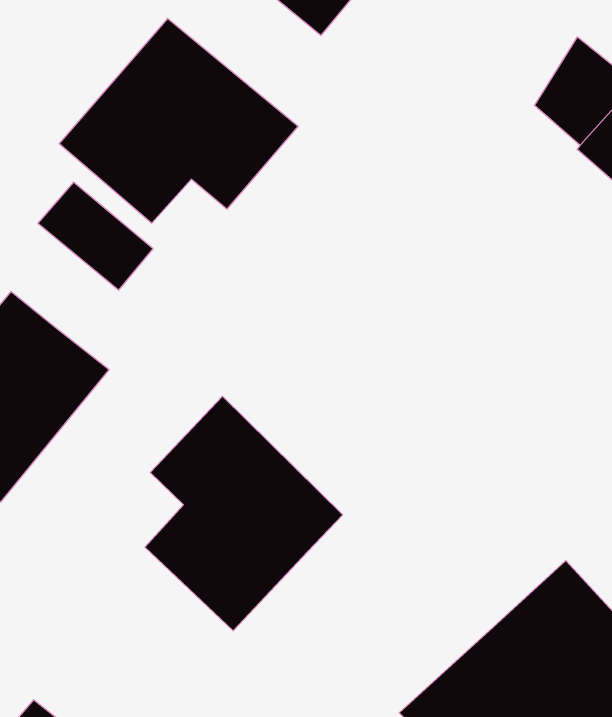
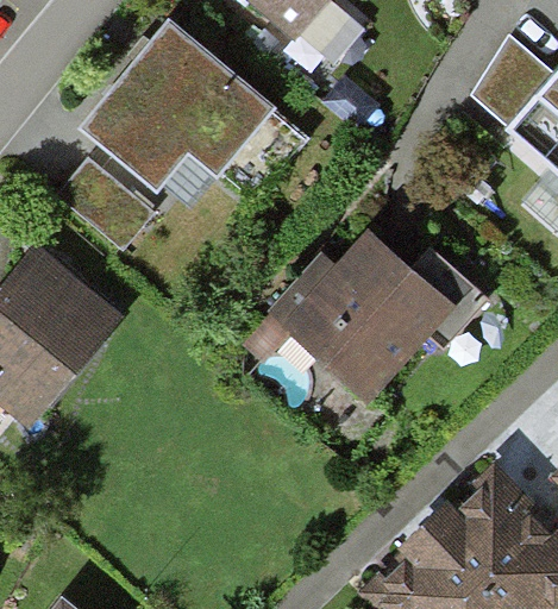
building: none -> [268,232,488,404]
building: [145,396,343,631] -> none

